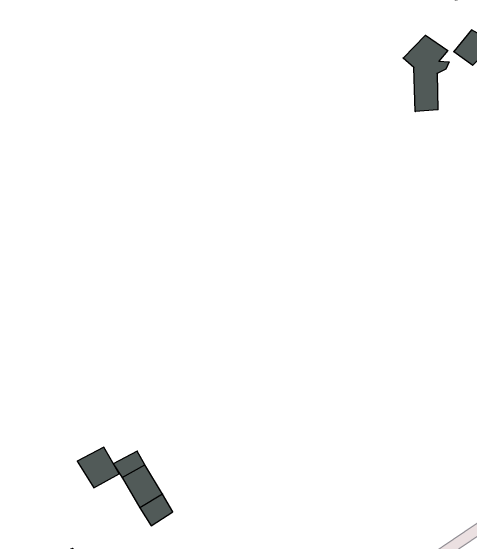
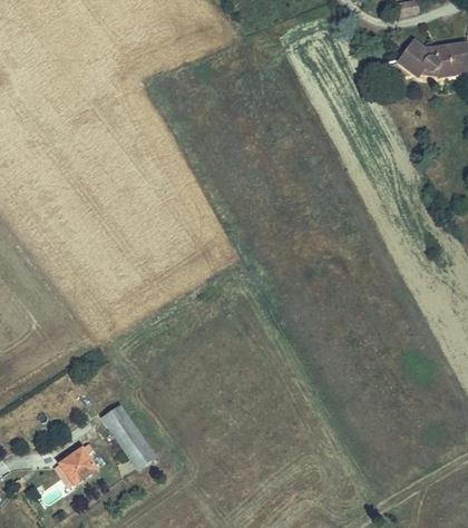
building: [403,35,449,112] -> none
building: [77,447,119,488] -> [60,450,97,486]

